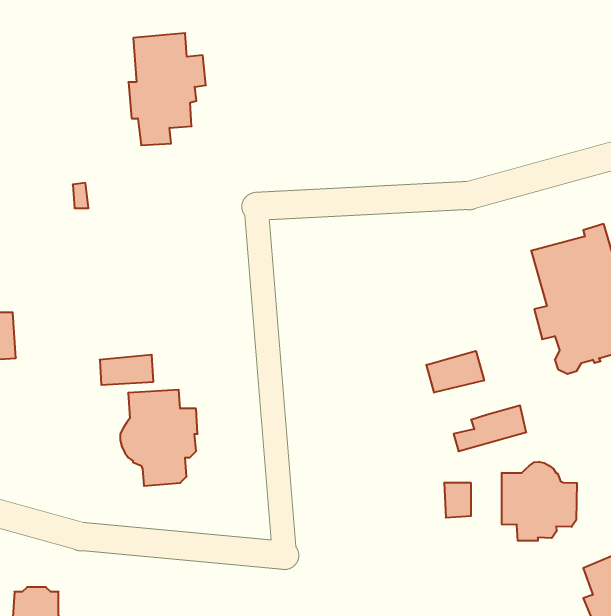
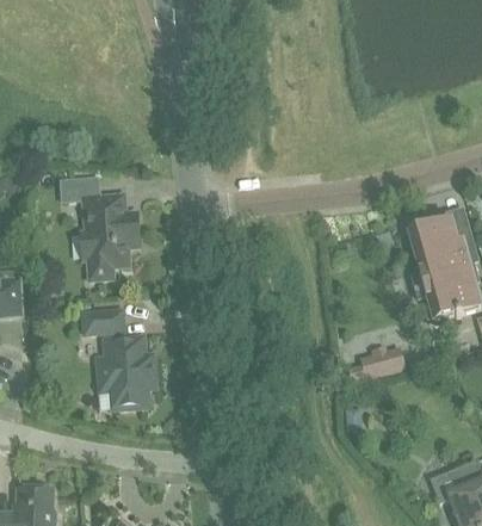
building: [128,33,206,145] -> [80,192,138,277]
building: [426,351,484,393] -> none
building: [502,462,577,541] -> none

